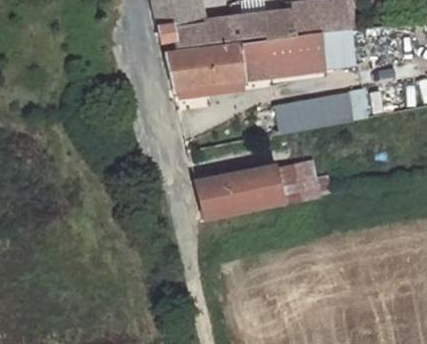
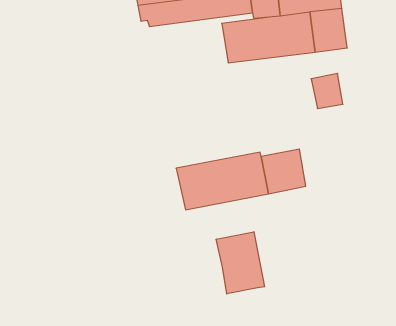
building: [165,44,244,89] -> none
building: [273,96,329,133] -> none
building: none -> [216,232,265,294]

